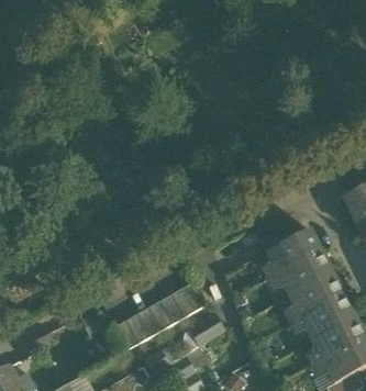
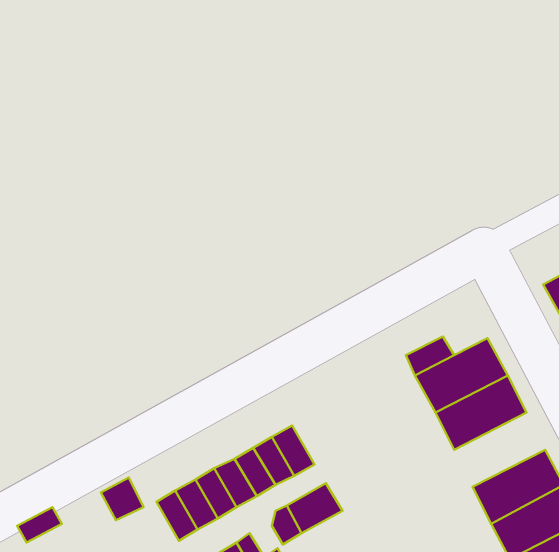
building: [289,273,343,317] -> none

